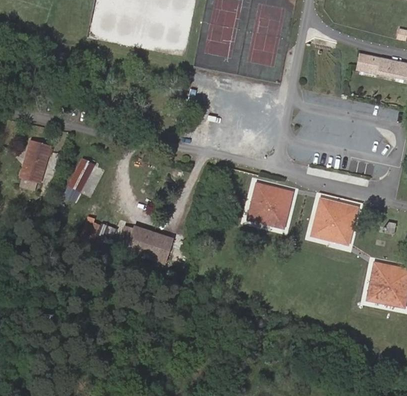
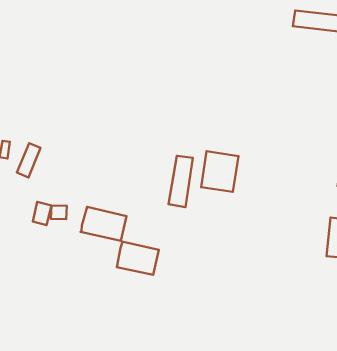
building: none -> [169,156,193,207]
building: [314,199,356,244] -> none
building: none -> [117,242,159,275]

